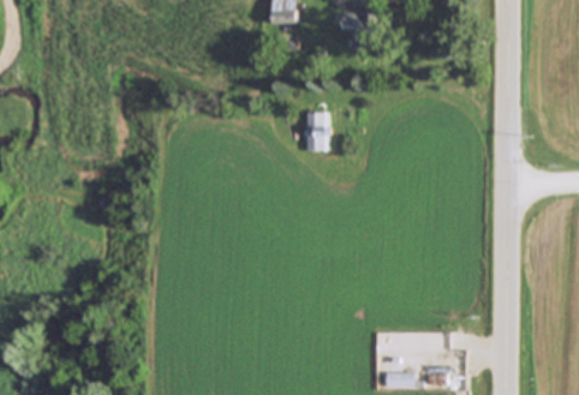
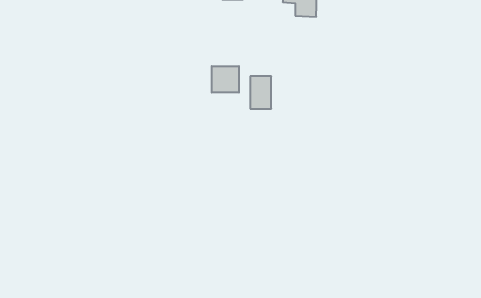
building: none -> [212,66,239,93]

